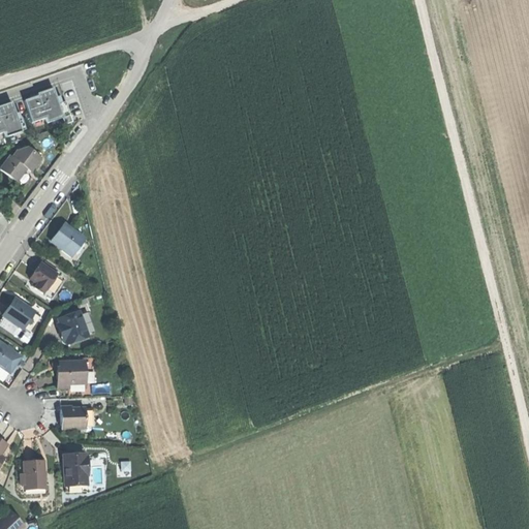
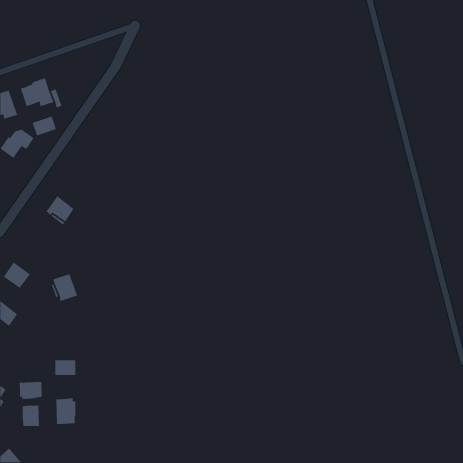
building: none -> [32,116,57,137]
building: [30,262,59,293] -> none
building: [57,361,87,388] -> none
building: none -> [19,381,43,400]

